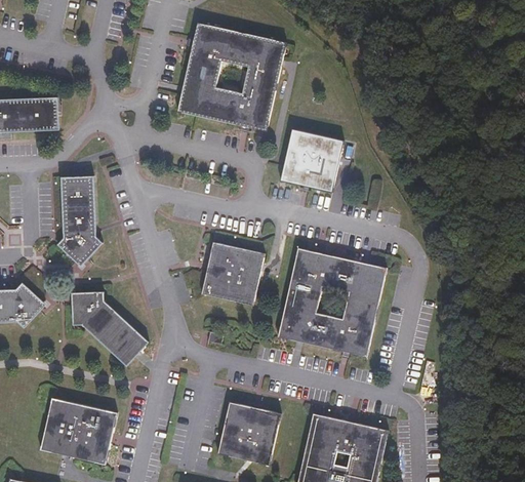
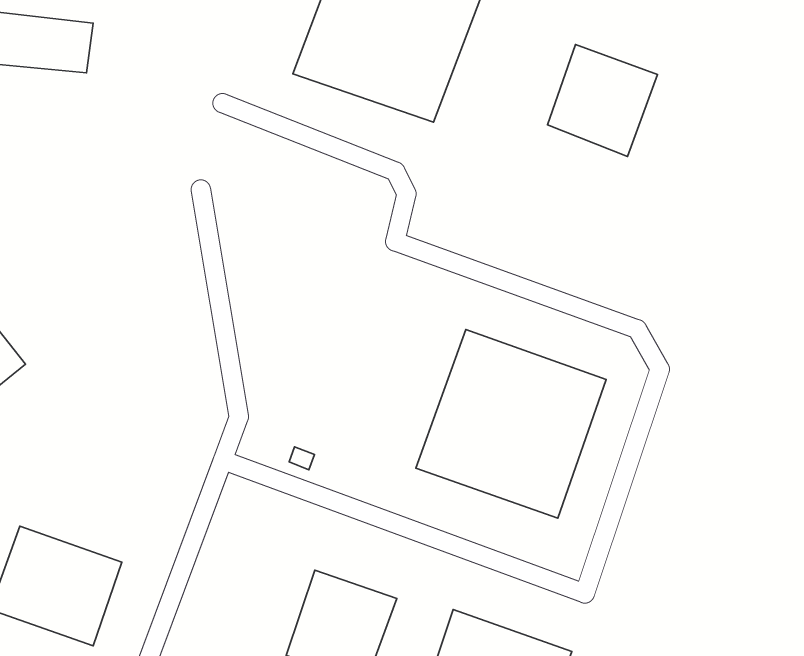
building: [282,129,342,191] -> [548,45,657,156]
building: [57,175,102,264] -> none
building: [203,243,262,303] -> none
building: [70,292,146,364] -> none

